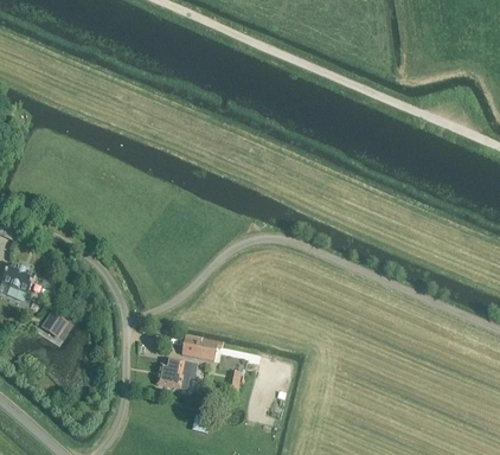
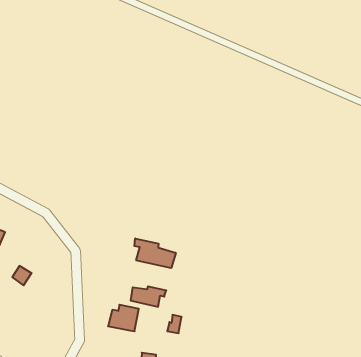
building: none -> [134,238,176,268]

